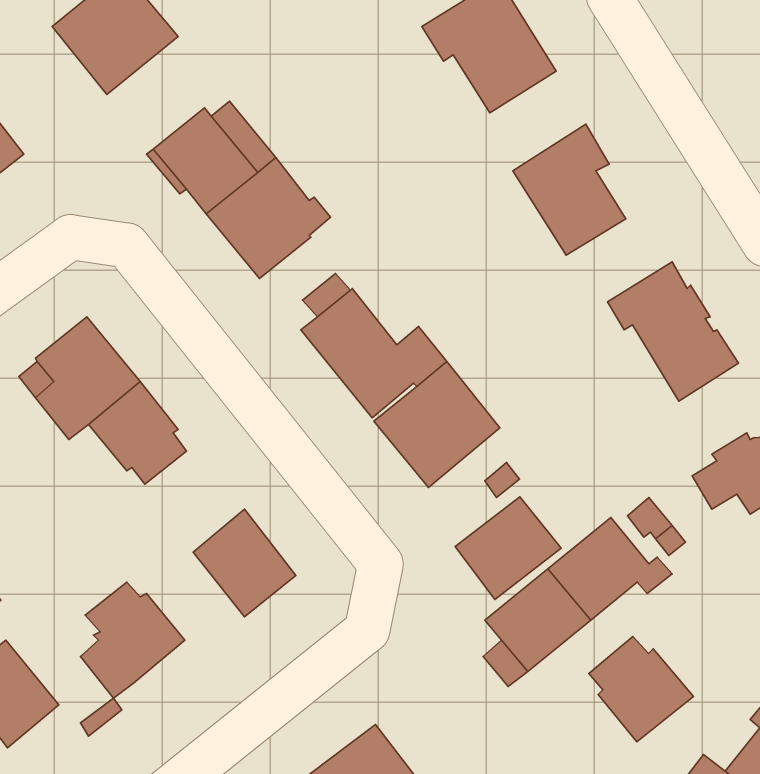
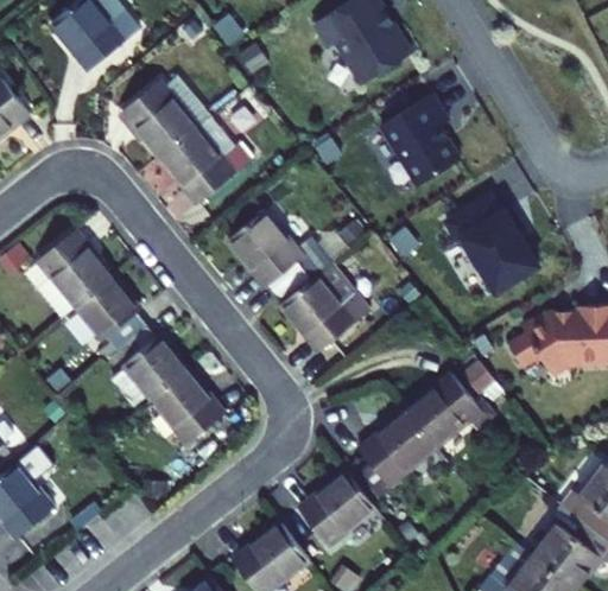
building: [455,497,561,600] -> [299,472,375,546]
building: [80,582,185,698] -> [112,328,186,411]
building: [589,637,693,742] -> none

